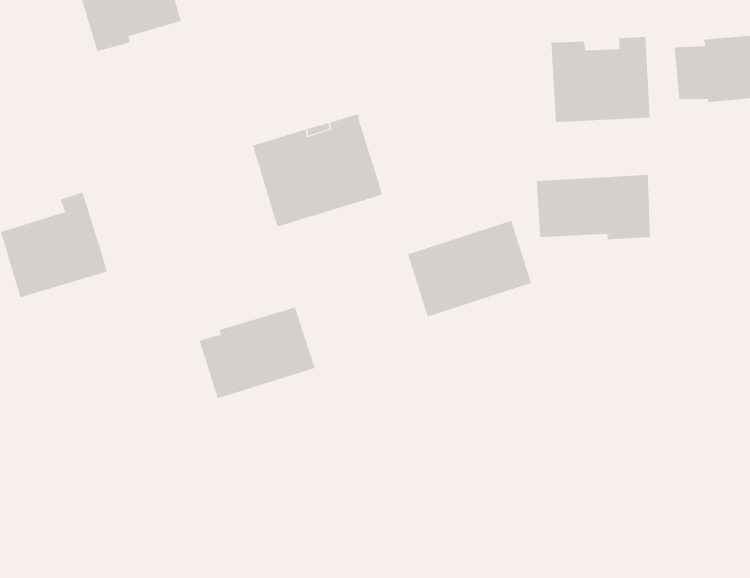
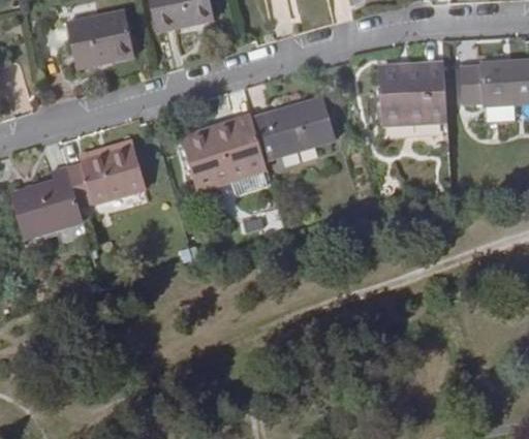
building: [536,174,650,240] -> none
building: [407,220,532,317] -> [252,96,336,161]
building: [199,307,316,399] -> [67,147,146,209]

